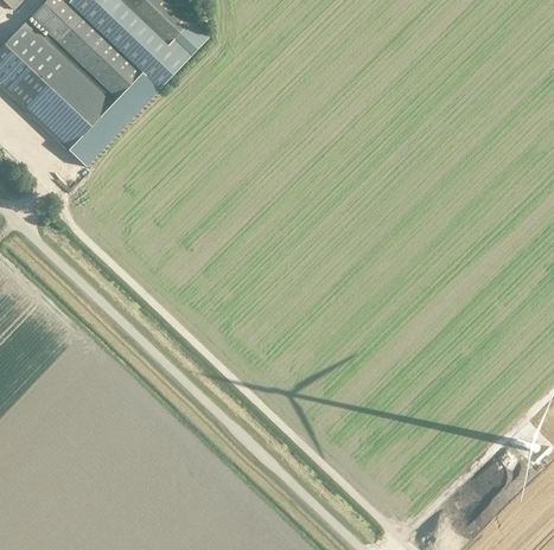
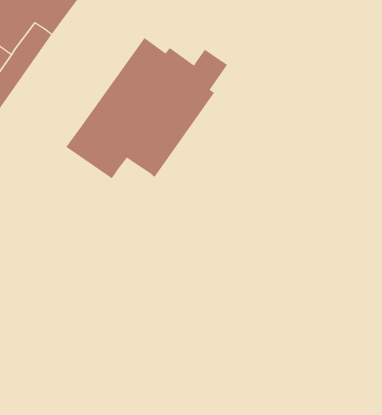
building: none -> [66,37,228,179]

